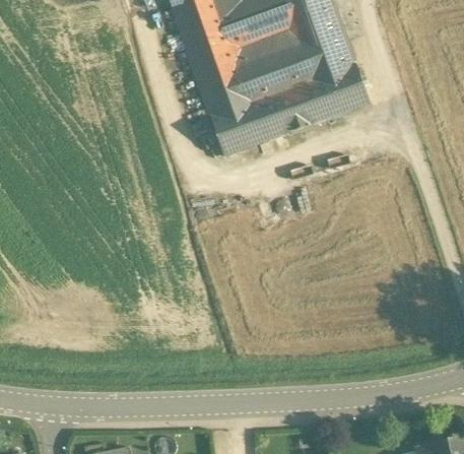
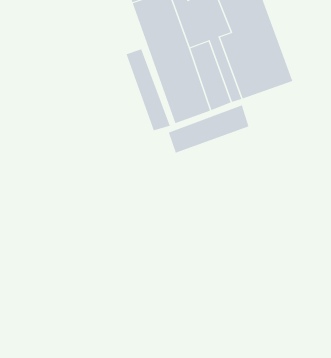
building: none -> [126,48,170,131]
building: none -> [168,104,249,153]

